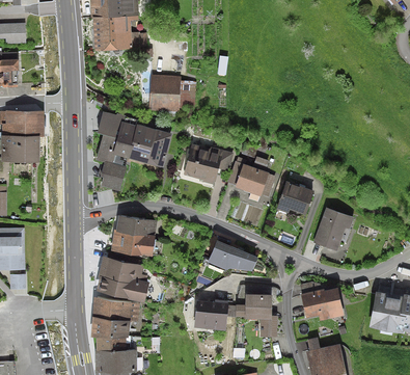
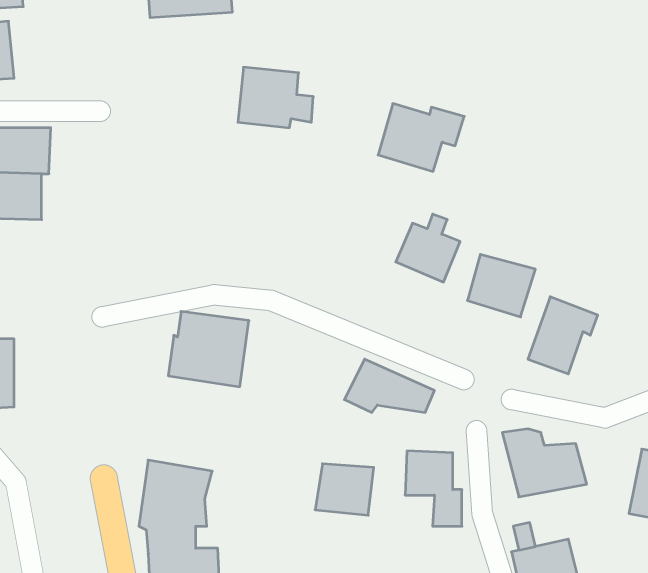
building: [93,108,169,188] -> none
building: [185,146,234,185] -> [378,104,464,171]
building: [98,256,147,301] -> none

